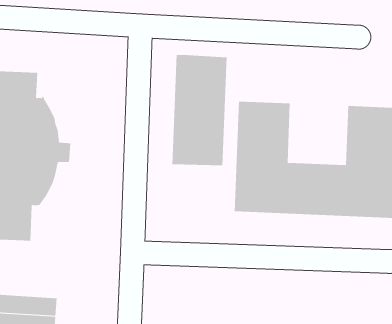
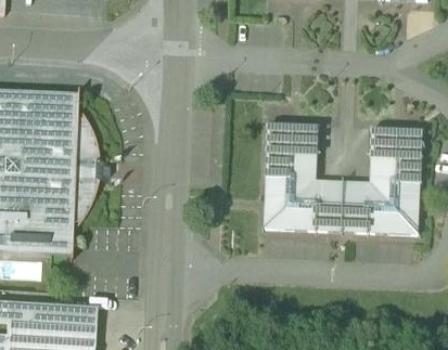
building: [172,54,227,166] -> none

